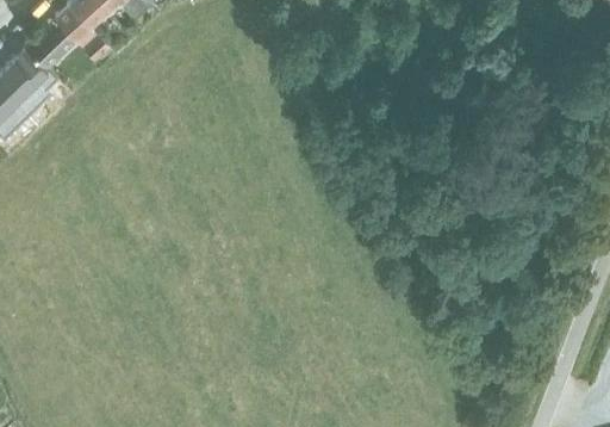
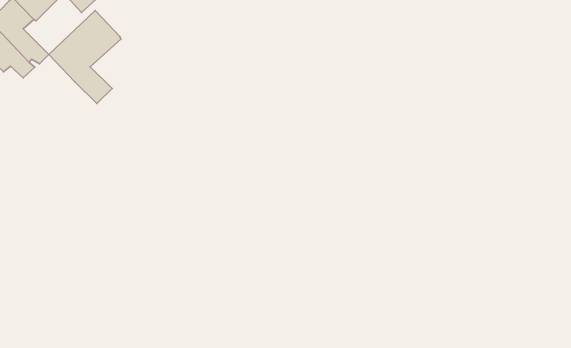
building: none -> [49,11,121,104]

